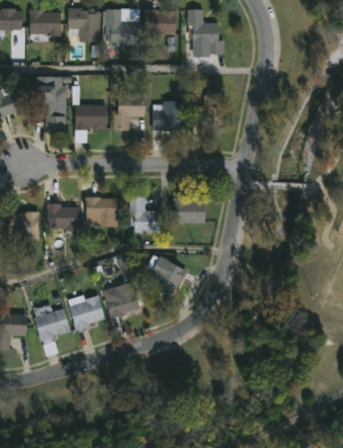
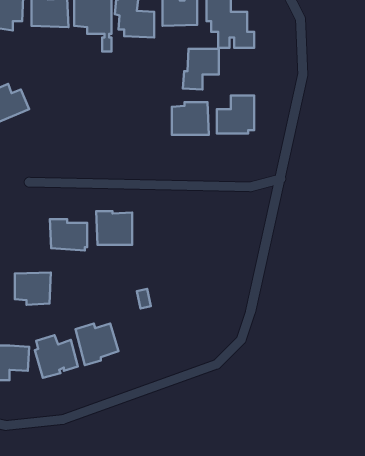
building: [32,85,65,129] -> none
building: [112,95,144,130] -> [183,49,219,90]
building: [74,103,106,129] -> none
building: [128,196,161,232] -> none
building: [174,196,205,222] -> none
building: [7,211,38,240] -> [15,272,51,305]
building: [149,256,187,297] -> none
building: [103,281,141,318] -> none

